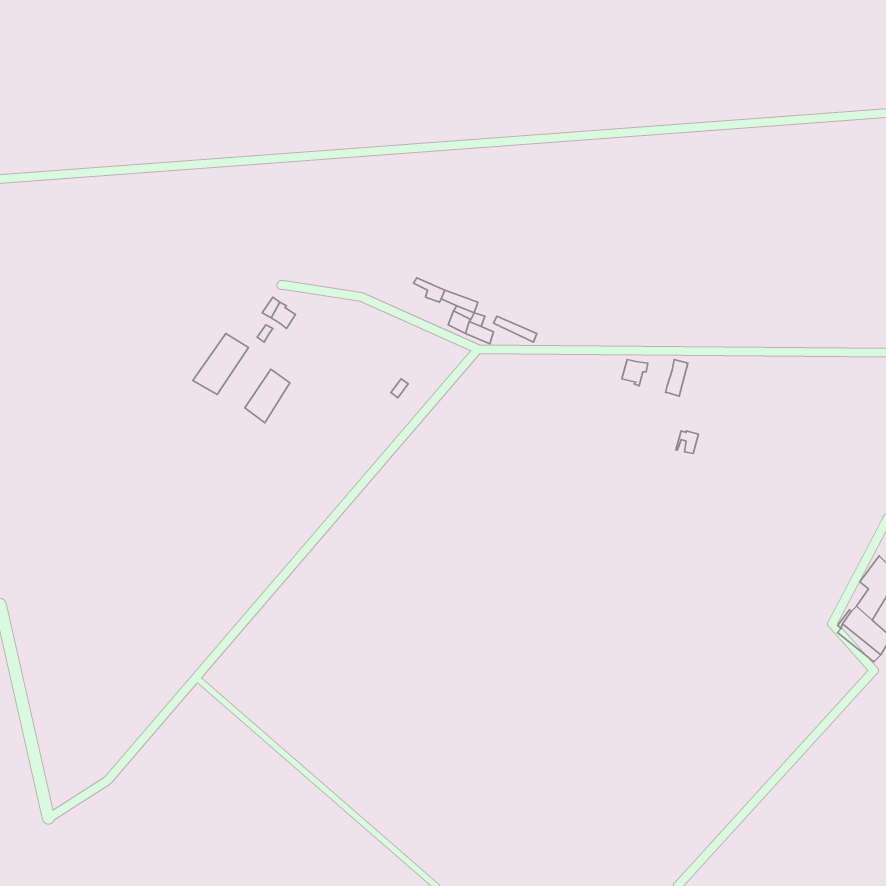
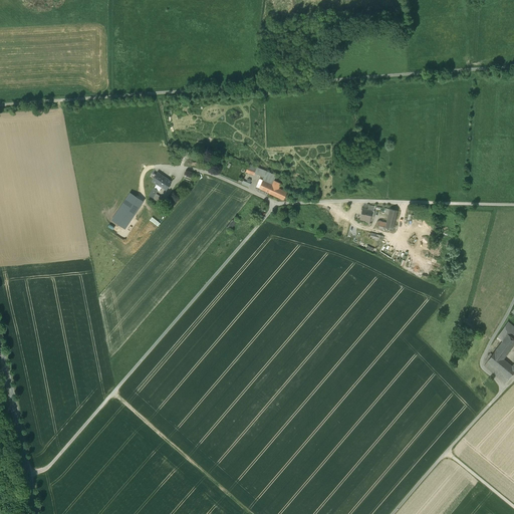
building: [245,369,290,423] -> none

